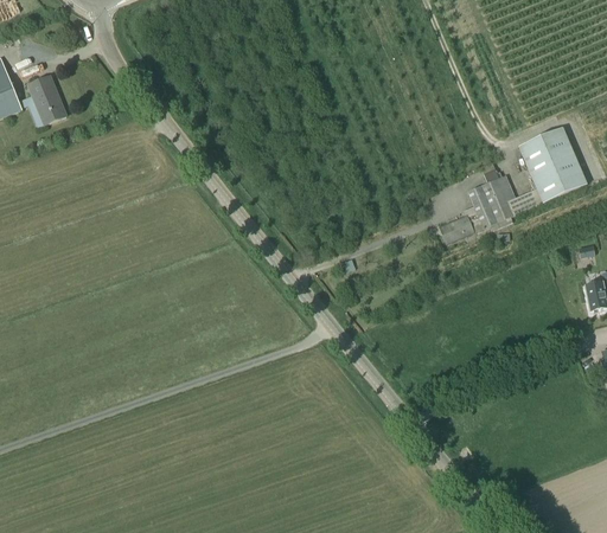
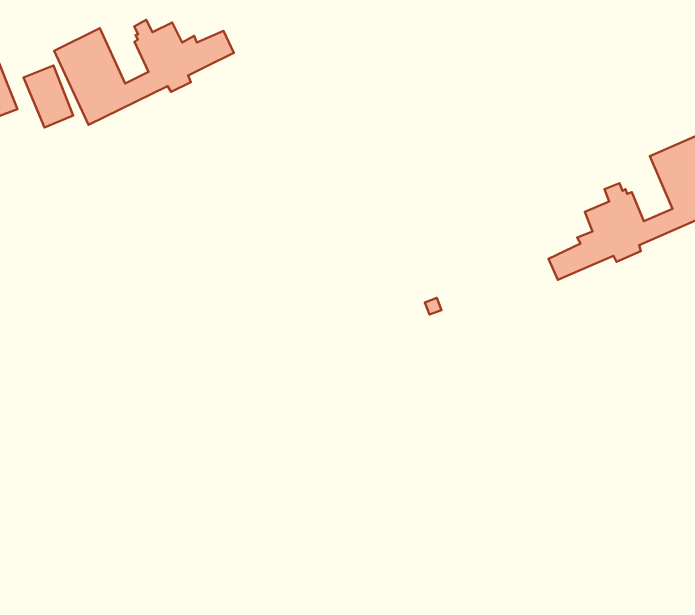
building: none -> [54,20,234,125]

